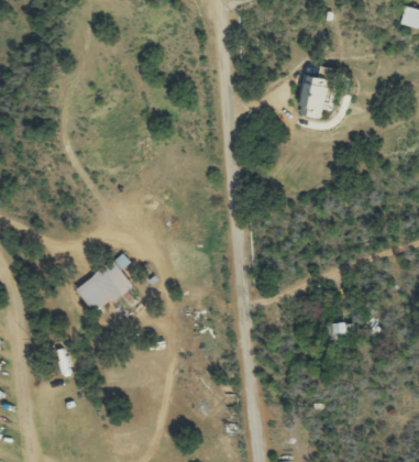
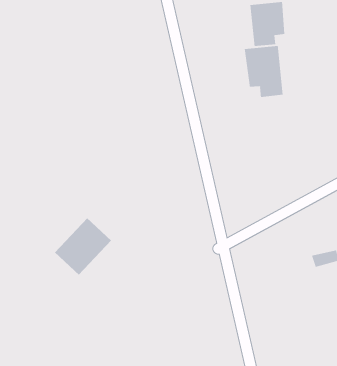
building: none -> [244,45,283,98]

